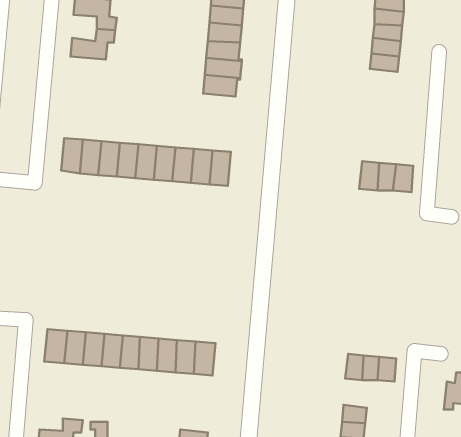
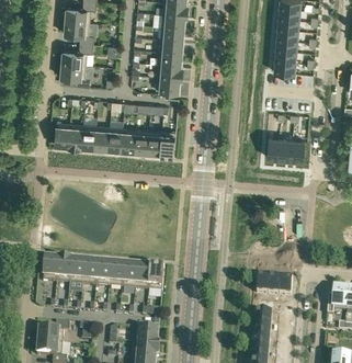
building: none -> [60,63,90,86]

